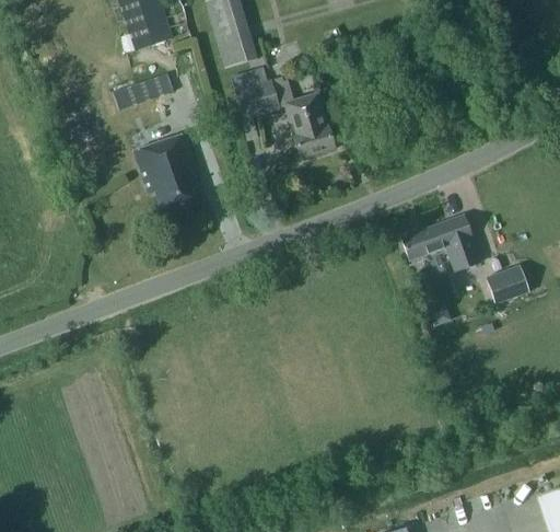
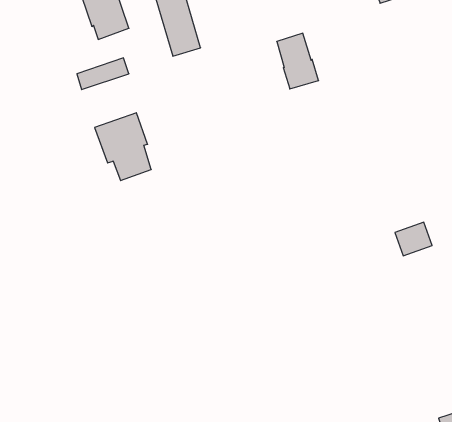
building: [232,70,278,118] -> none
building: [285,93,335,159] -> [277,33,319,89]
building: [400,215,480,270] -> none

